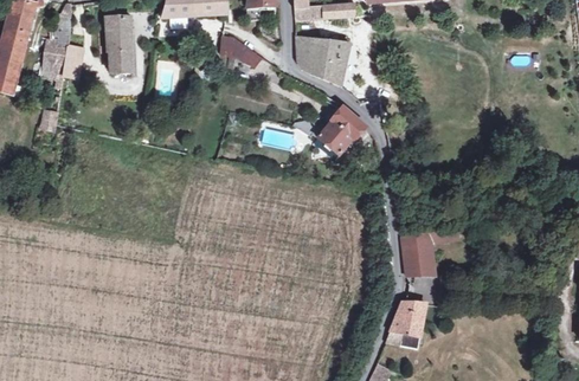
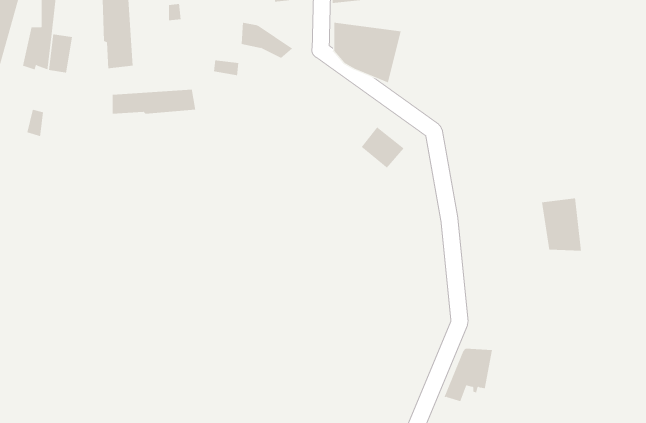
building: none -> [112,89,196,115]
building: [330,106,366,141] -> none
building: [400,232,433,276] -> [541,198,582,251]

